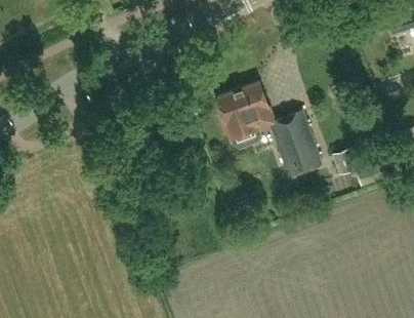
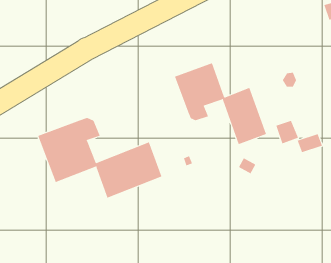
building: none -> [37,117,162,198]

